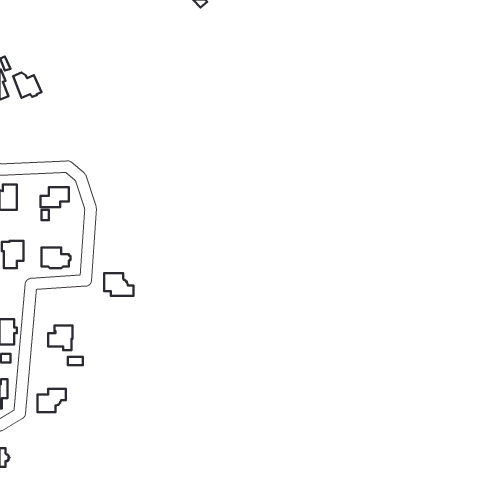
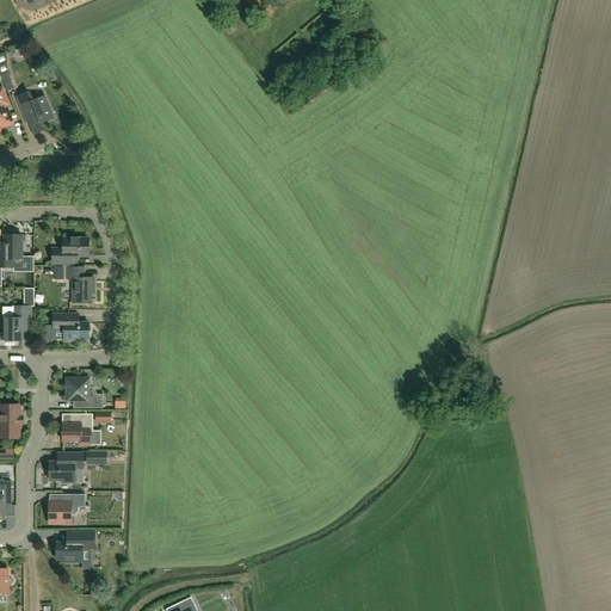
building: none -> [67,267,93,302]
building: [104,273,133,296] -> [66,378,103,407]
building: none -> [48,452,82,482]
building: none -> [54,531,93,561]

